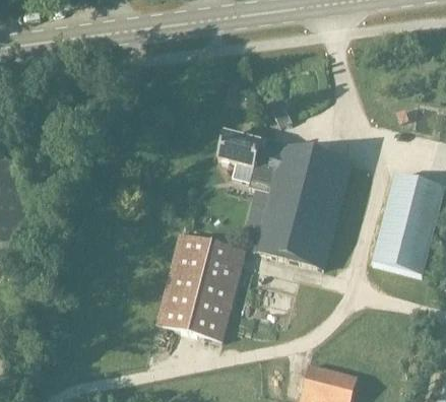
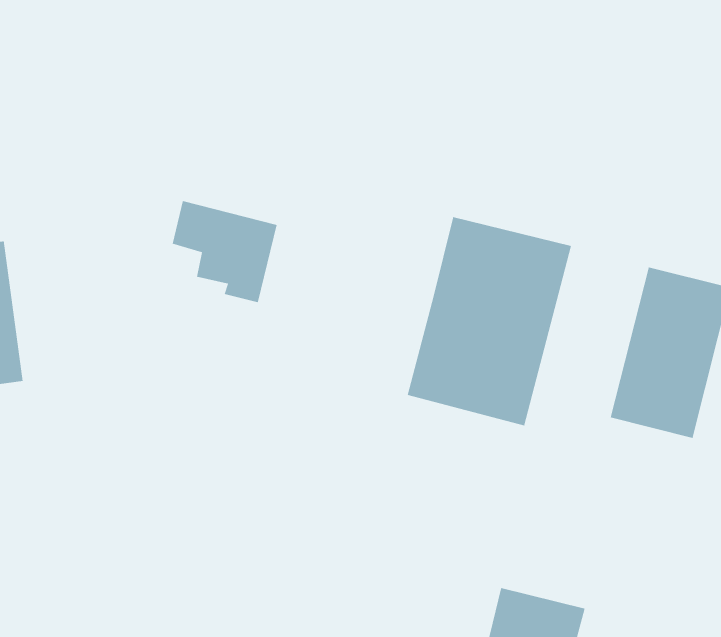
building: [217,131,279,191] -> [172,201,278,303]
building: [155,231,244,341] -> none

